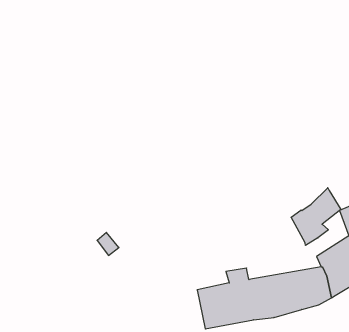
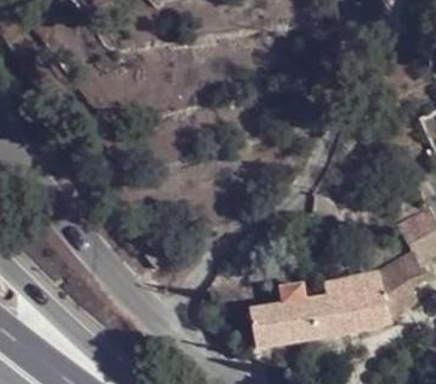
building: [291,188,341,245] -> none

